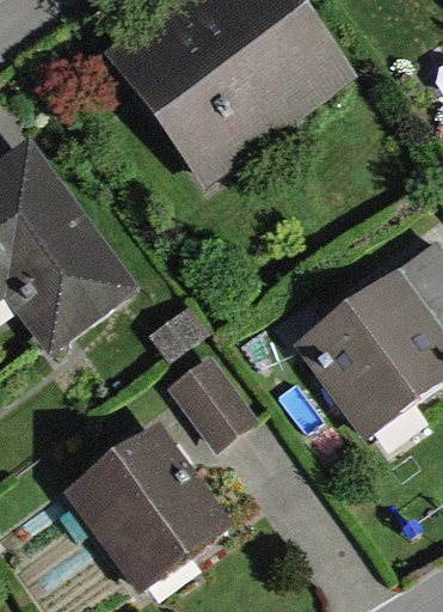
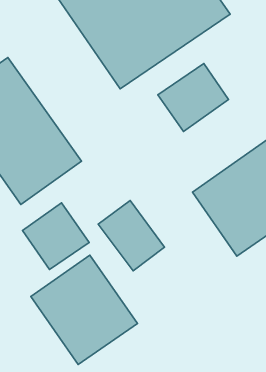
building: none -> [158,63,228,131]
building: none -> [23,203,89,270]

